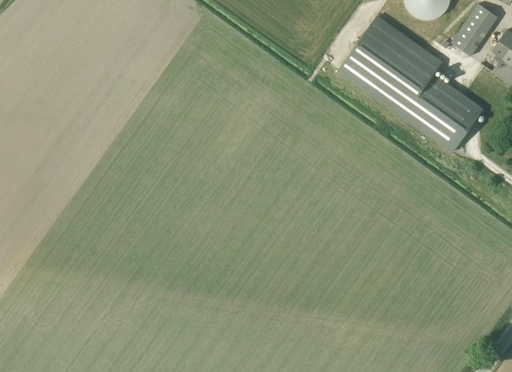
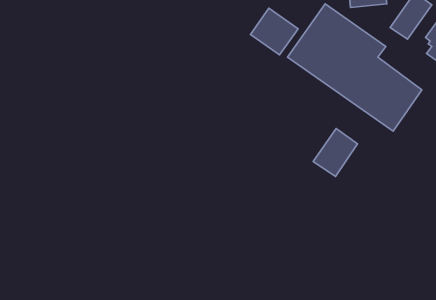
building: none -> [251,8,298,55]
building: none -> [313,129,357,176]

